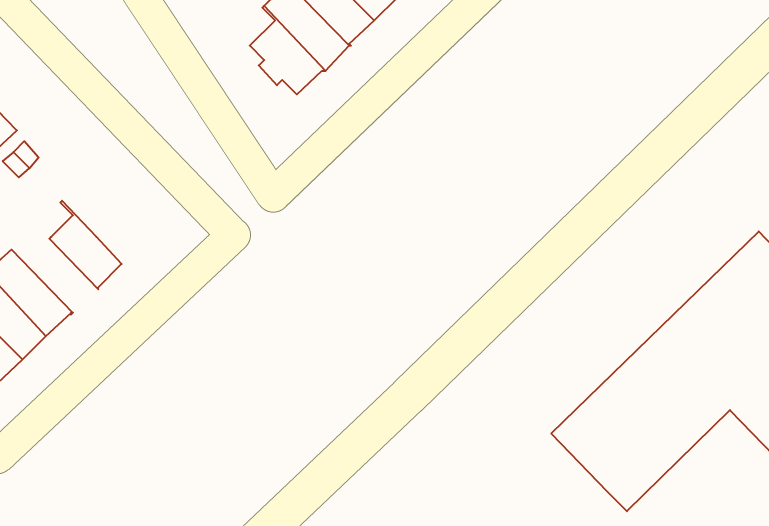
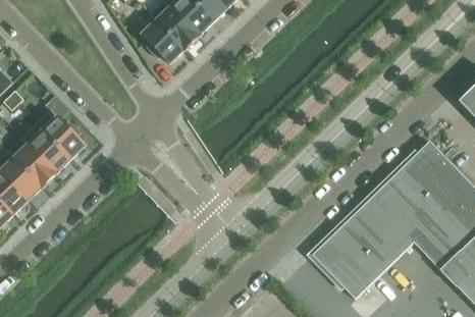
building: none -> [37,109,85,159]
building: none -> [8,145,57,187]

